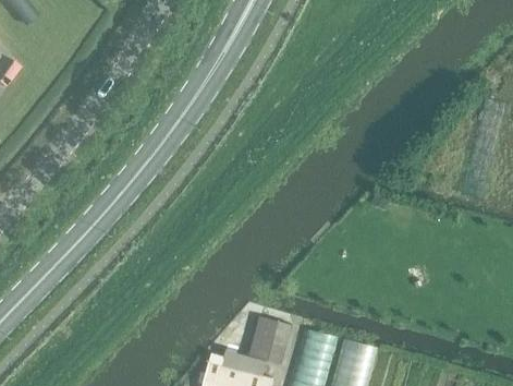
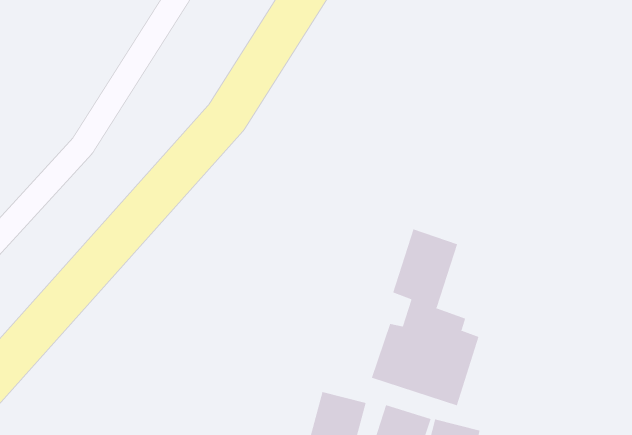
building: none -> [371,228,479,406]

